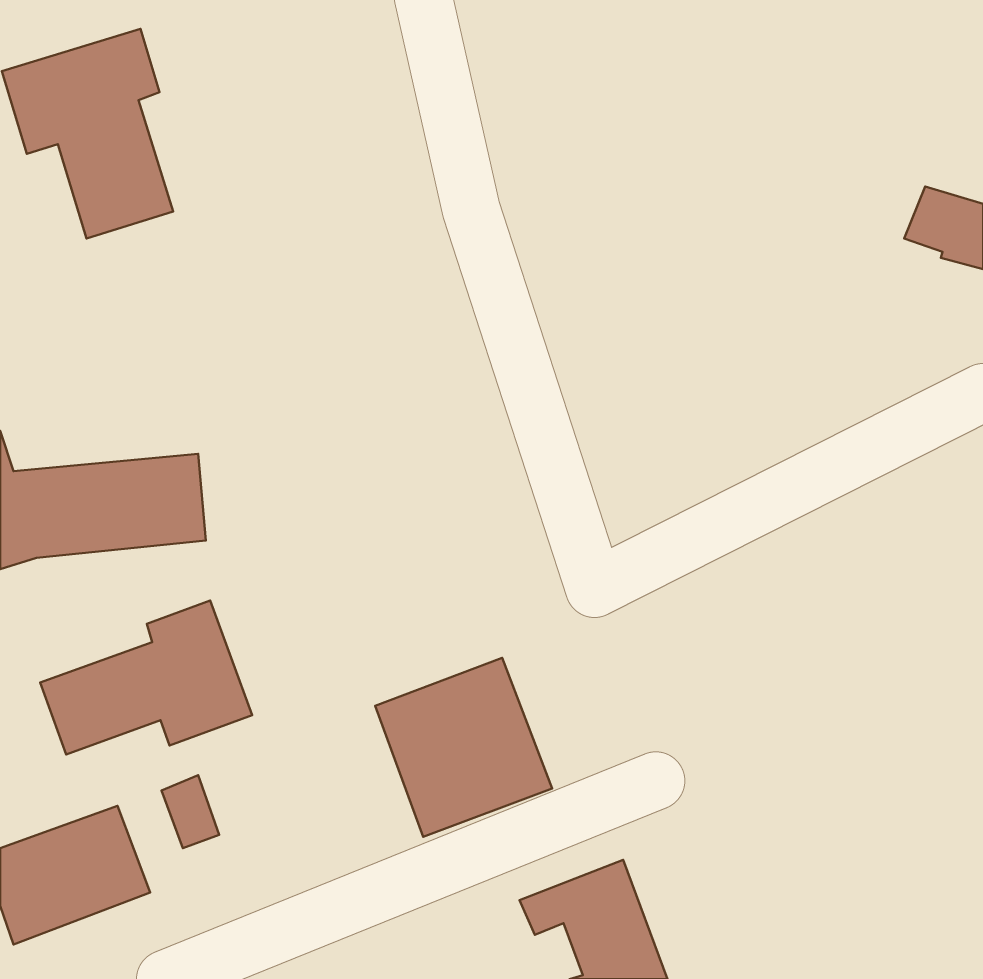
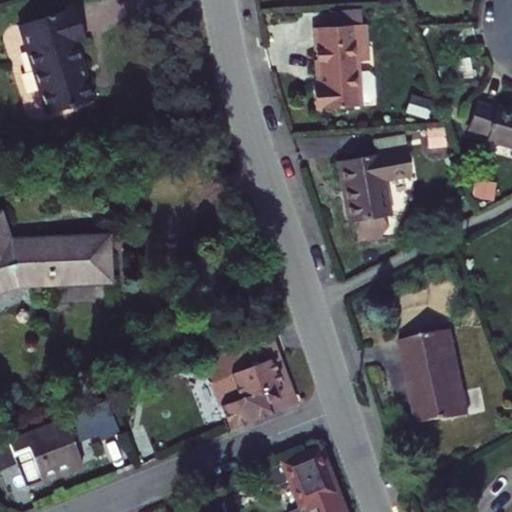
building: none -> [322,8,382,106]
building: none -> [347,148,420,239]
building: [40,601,252,755] -> none
building: none -> [395,324,465,419]

